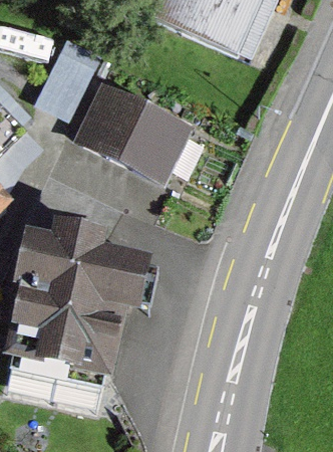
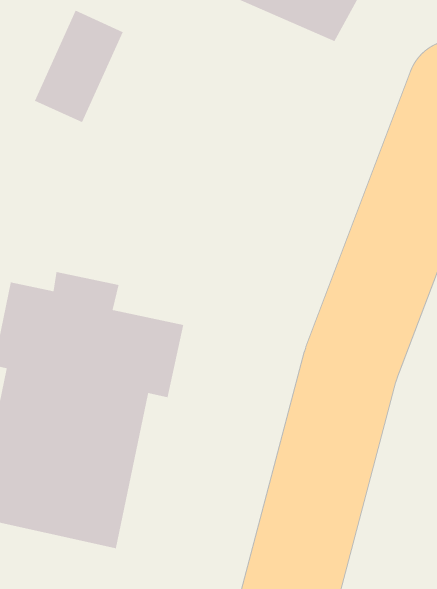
building: [74,80,190,175] -> none

